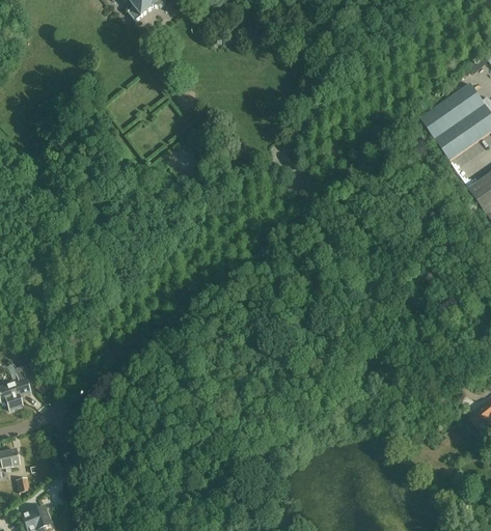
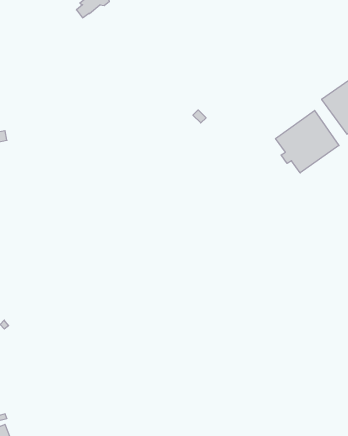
building: none -> [276,110,339,173]

